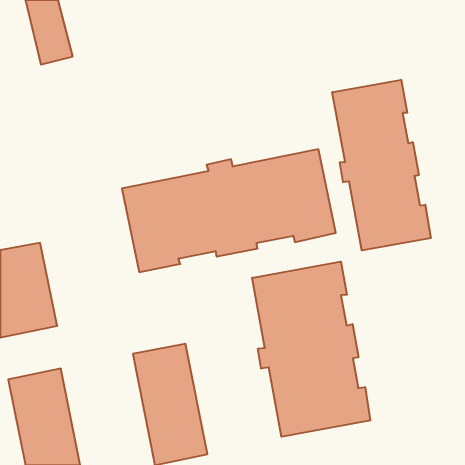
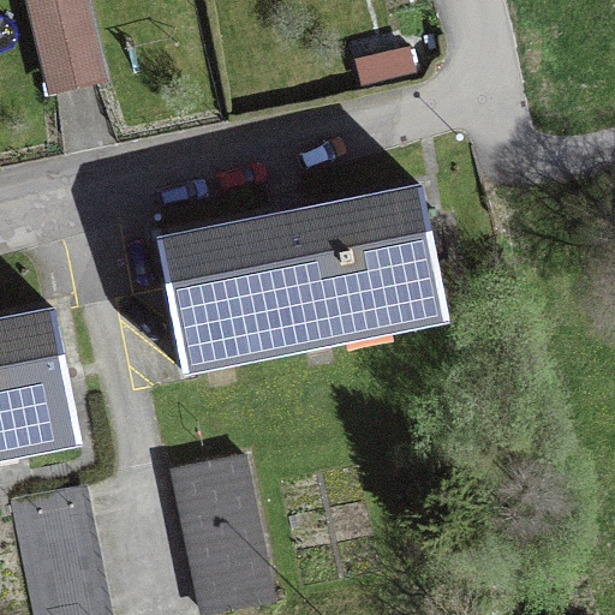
building: [332,80,431,250] -> none
building: [252,262,370,437] -> none

